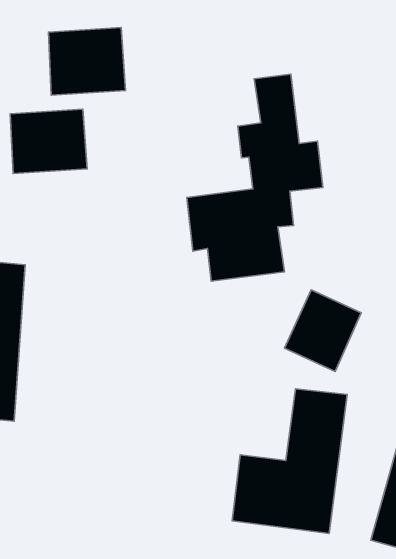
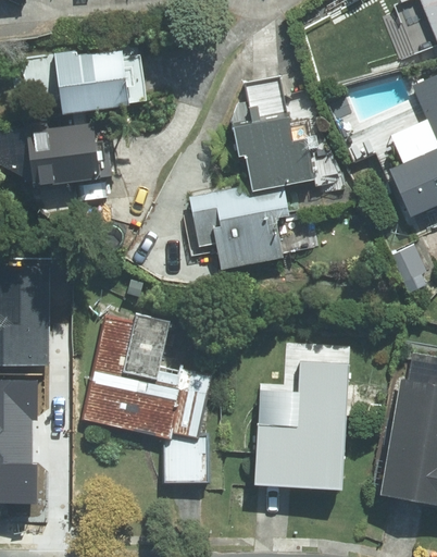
building: [284,290,361,371] -> none
building: none -> [86,313,210,482]

